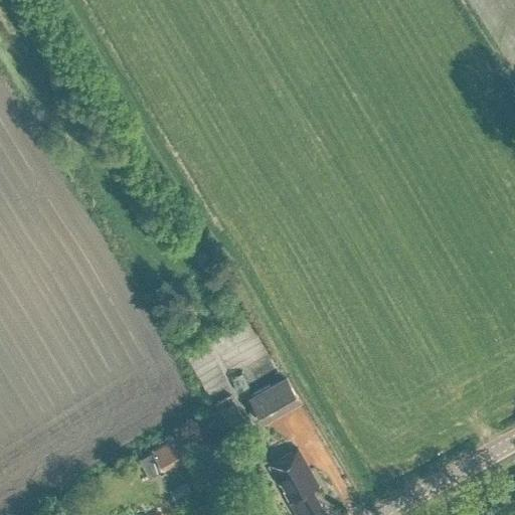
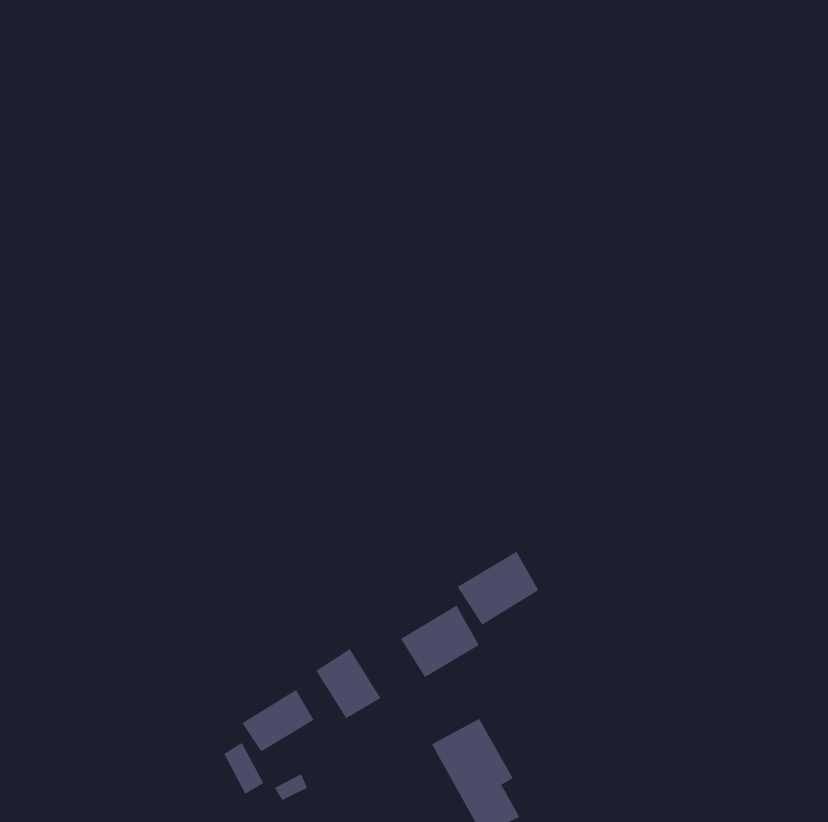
building: none -> [457,551,539,626]
building: none -> [316,648,381,719]

